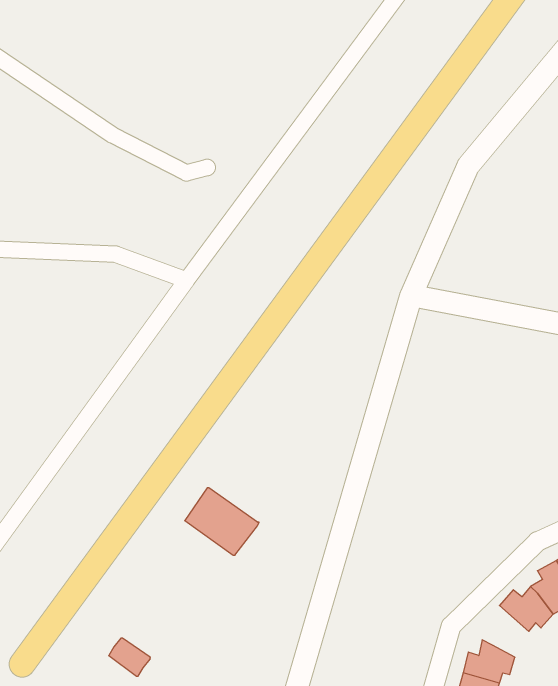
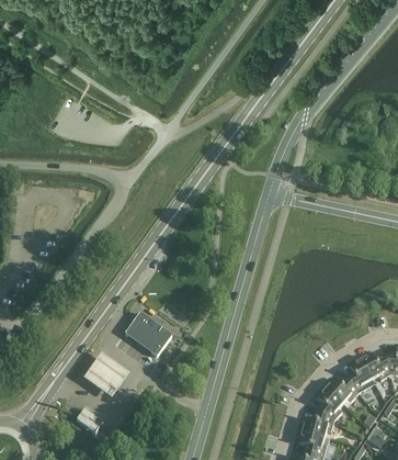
building: none -> [83,354,129,399]
building: none -> [314,388,343,420]

